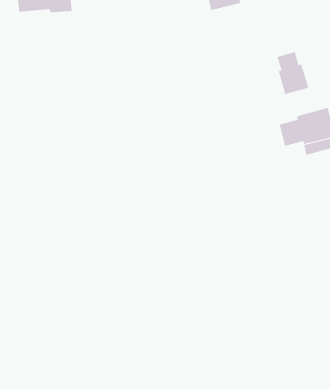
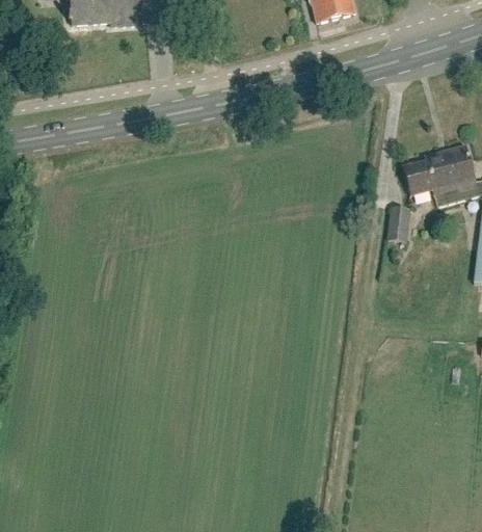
building: [277,51,309,95] -> none
building: none -> [386,205,411,241]

